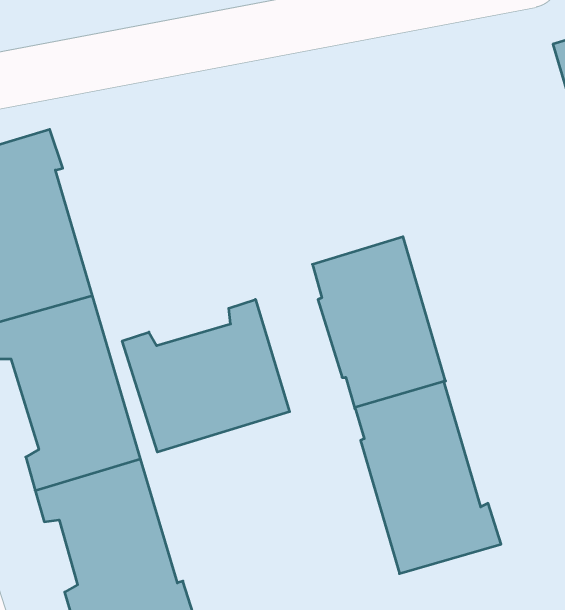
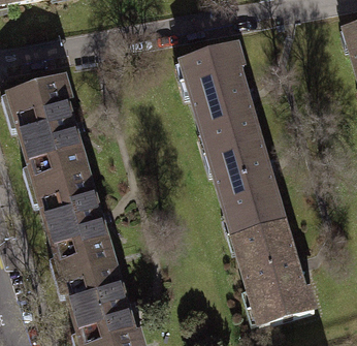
building: none -> [181,42,261,152]
building: [122,299,290,452] -> none

